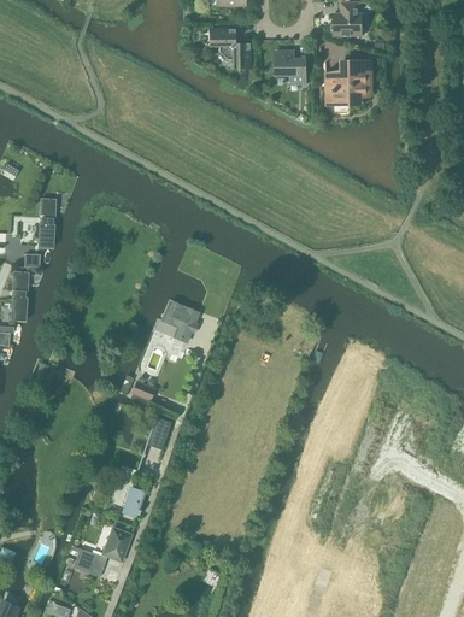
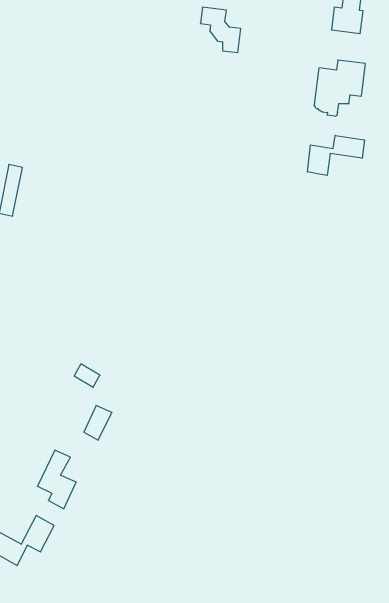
building: [274,51,303,83] -> none
building: none -> [307,135,365,175]
building: [140,302,198,376] -> none

